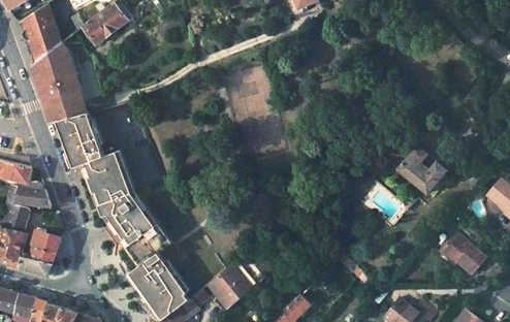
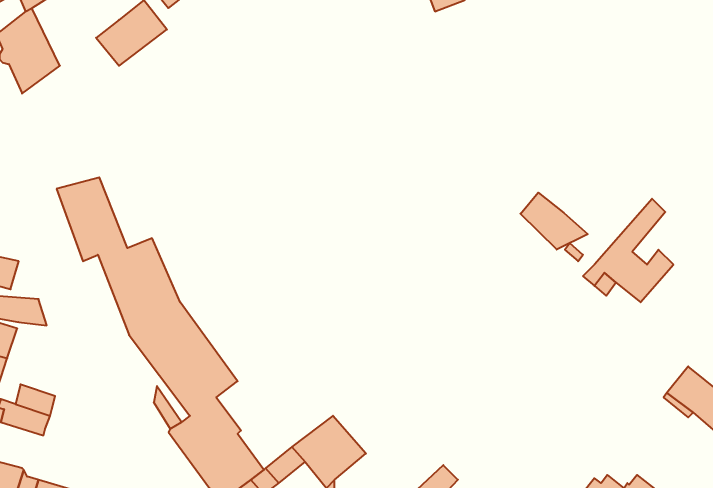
building: [31,43,84,123] -> none
building: none -> [520,193,588,250]
building: [31,229,61,251] -> none

